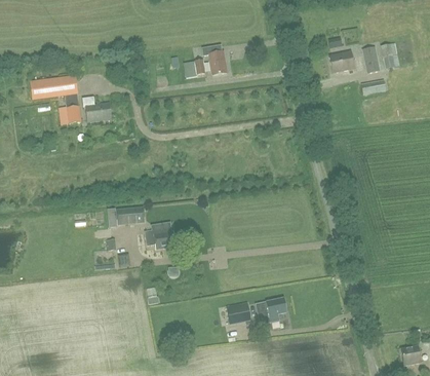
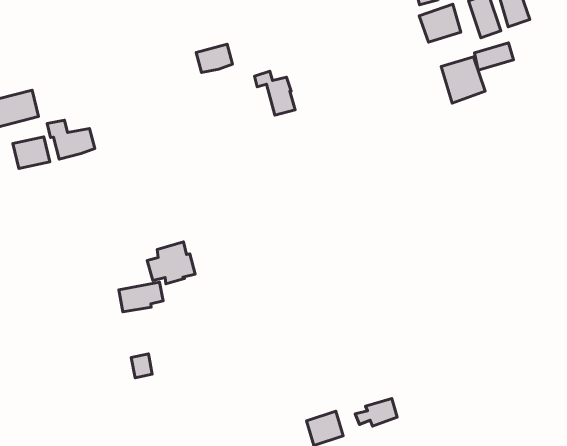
building: [202,45,226,74] -> [254,71,295,115]
building: none -> [441,57,485,103]
building: [145,222,174,248] -> [147,242,195,284]

